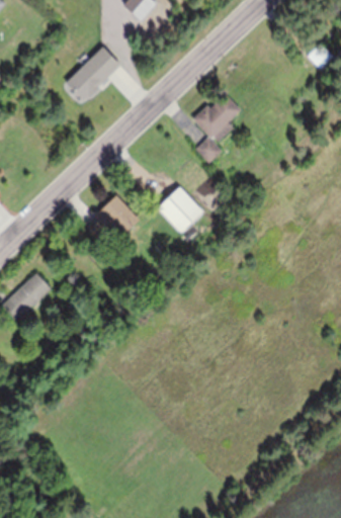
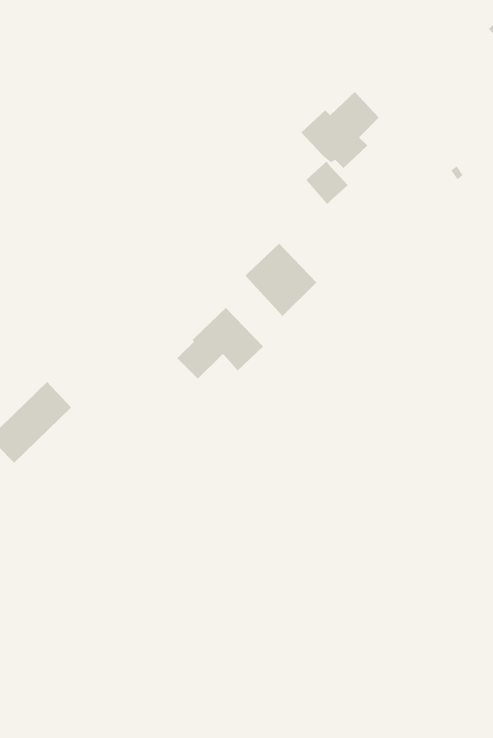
building: [68,51,115,98] -> none
building: [86,195,140,240] -> [177,307,264,380]

